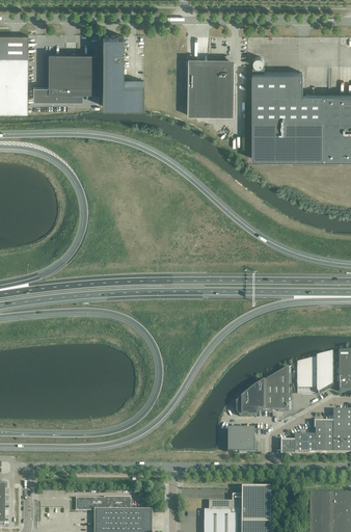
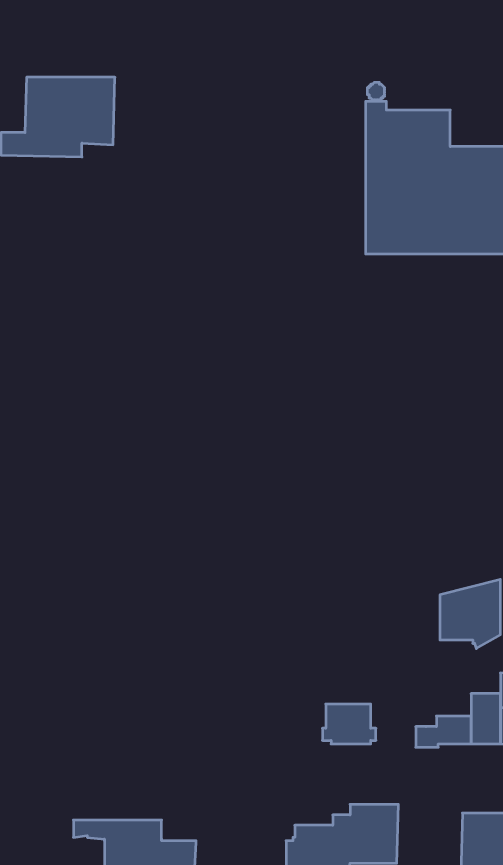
building: [102,35,142,106] -> none
building: [186,62,234,115] -> none
building: [236,368,288,417] -> none

